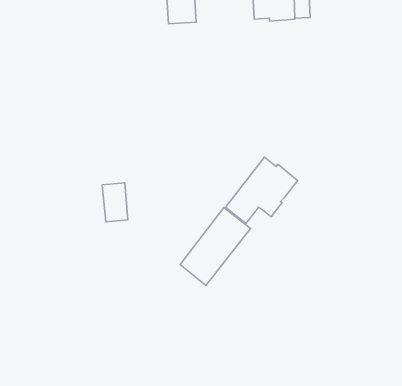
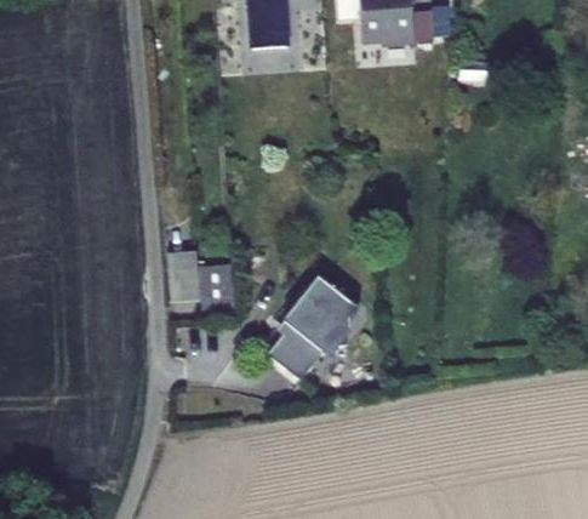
building: [225,157,298,224] -> none
building: none -> [198,264,235,316]

